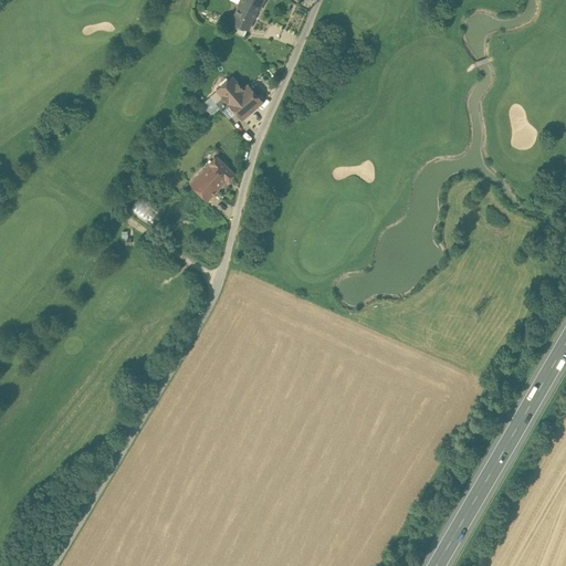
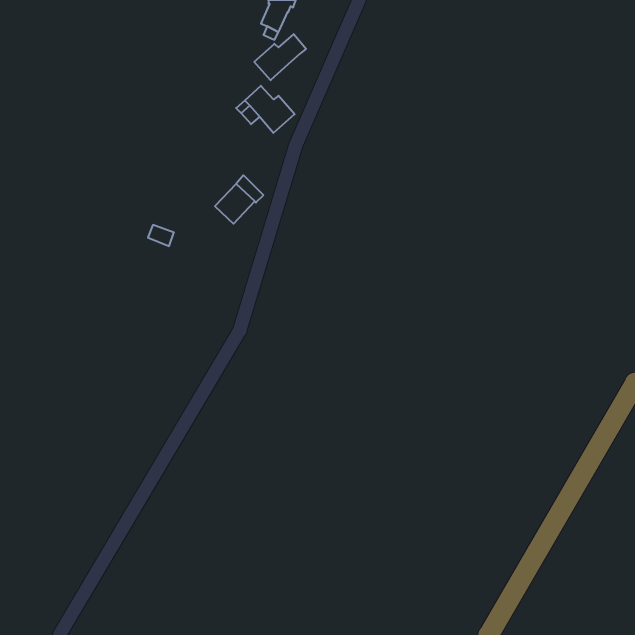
building: none -> [254,34,306,80]

